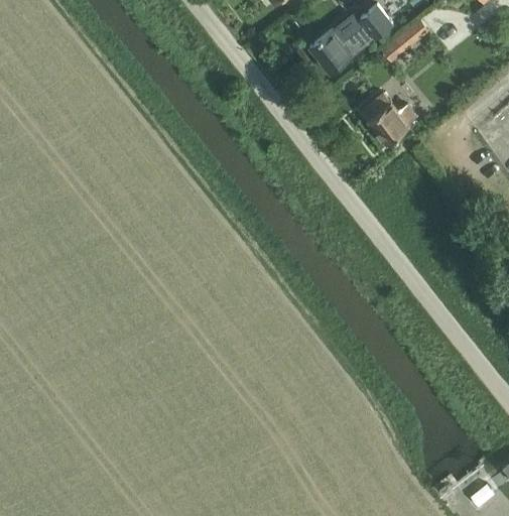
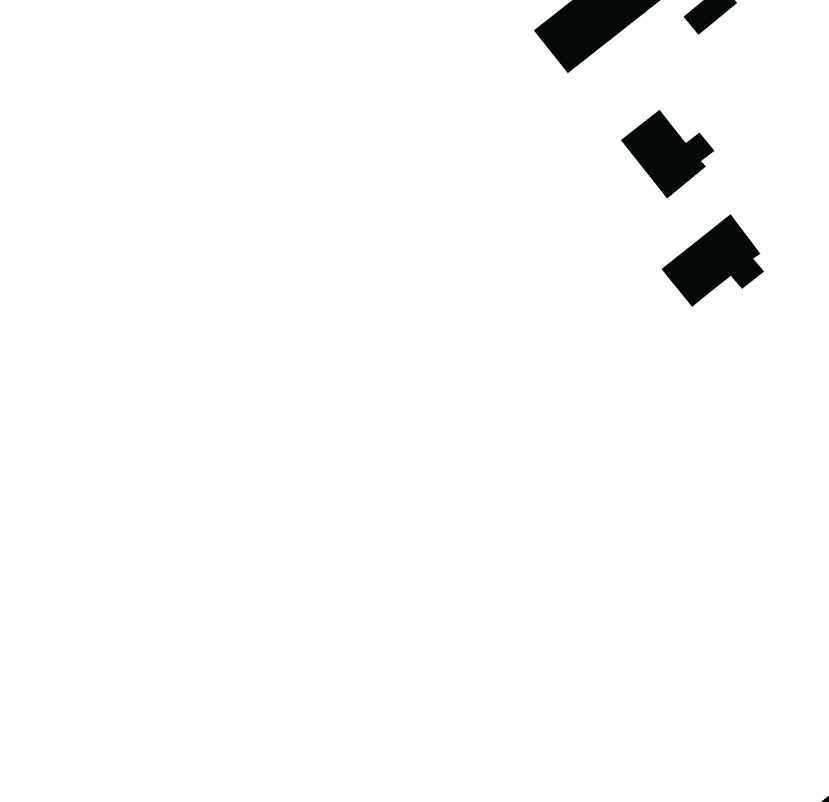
building: none -> [660,213,765,308]

